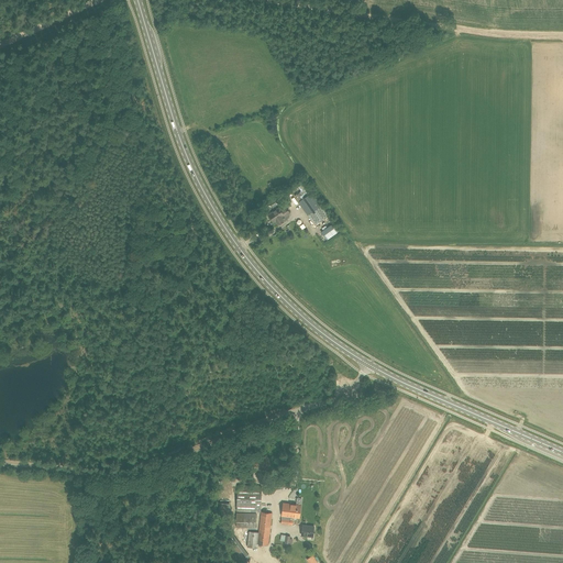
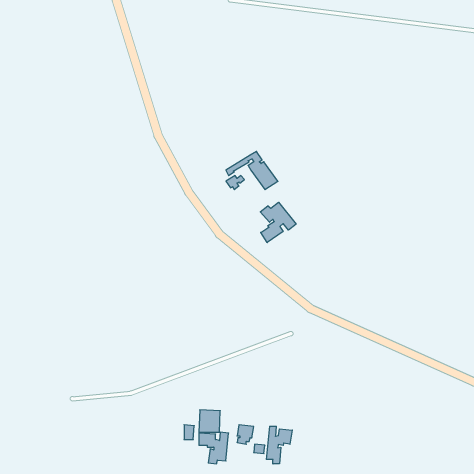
building: none -> [260,202,296,243]
building: none -> [266,426,292,464]

